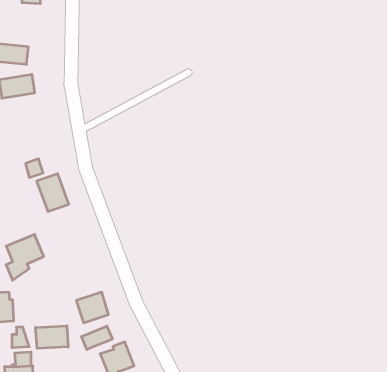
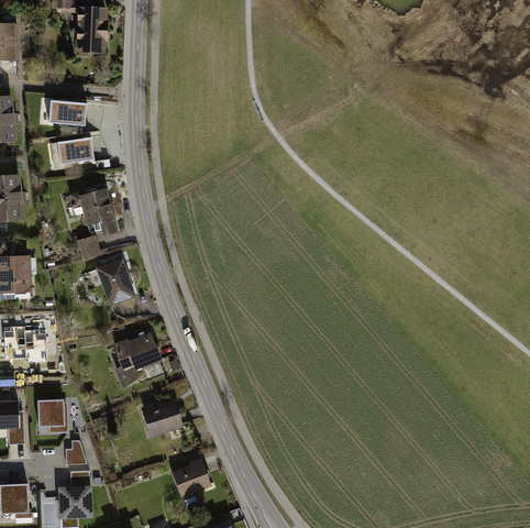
building: none -> [71,190,117,233]
building: [6,234,44,280] -> [115,331,161,386]
building: [36,326,68,348] -> none
building: [81,326,112,350] -> none

